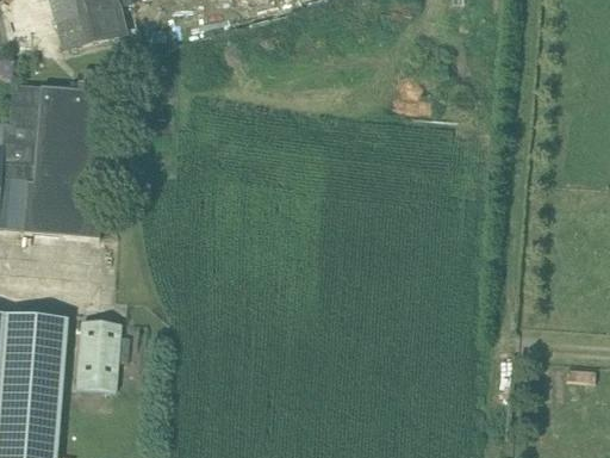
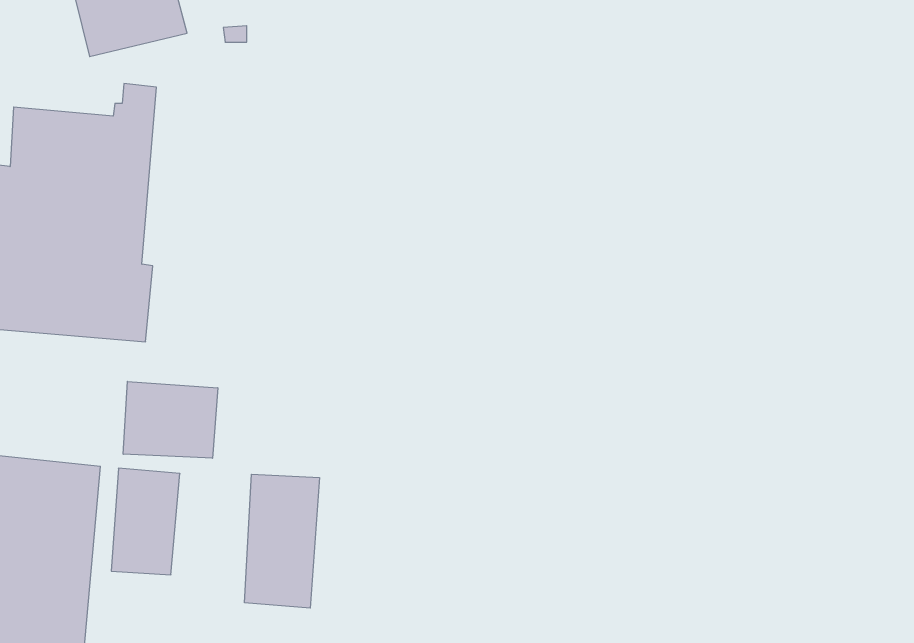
building: none -> [123,381,218,458]
building: none -> [245,474,319,608]

